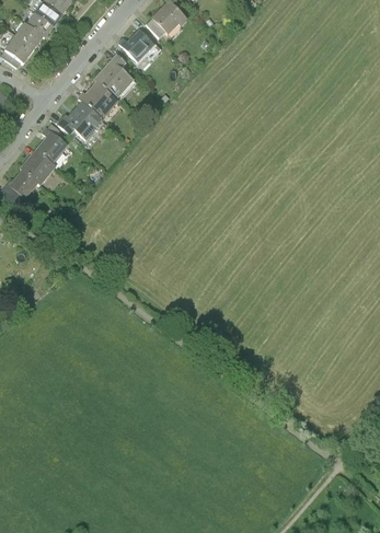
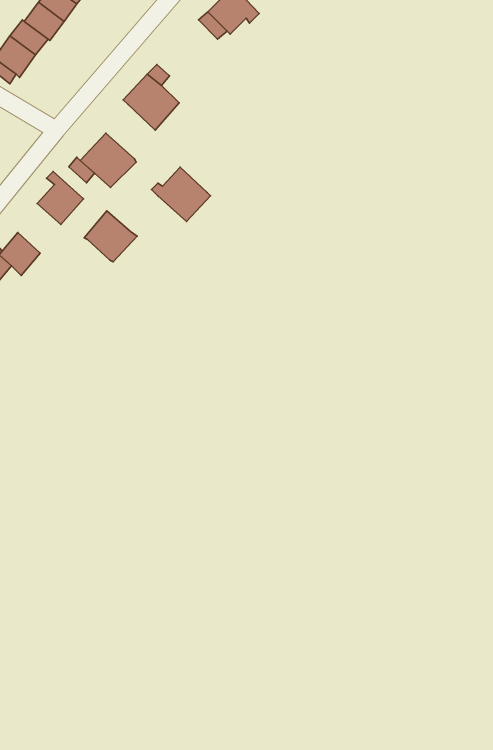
building: [118,30,153,62] -> none
building: [78,81,118,118] -> [151,167,210,221]
building: [20,149,56,184] -> [84,211,137,262]

